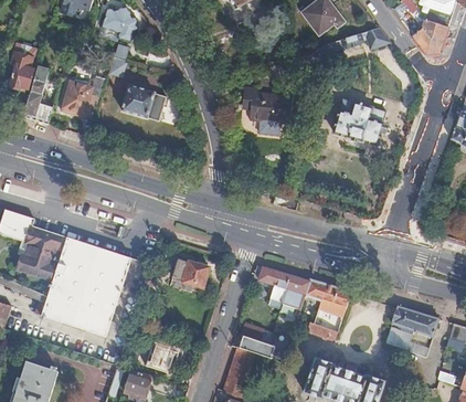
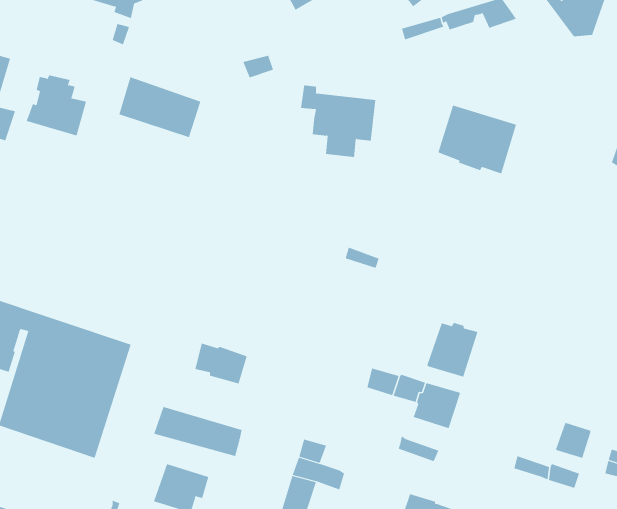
building: none -> [427,322,478,378]
building: [257,266,290,302] -> none
building: none -> [154,406,242,457]
building: [392,305,420,330] -> none

